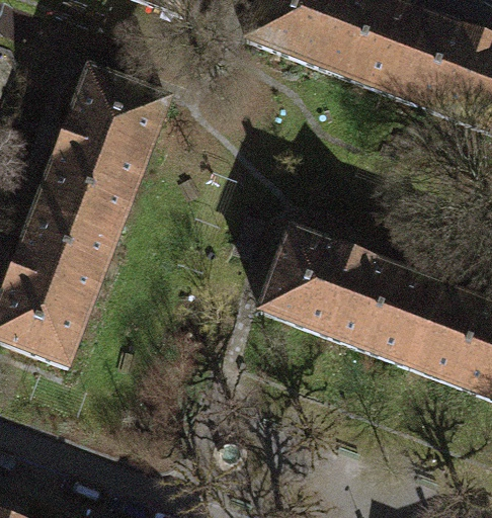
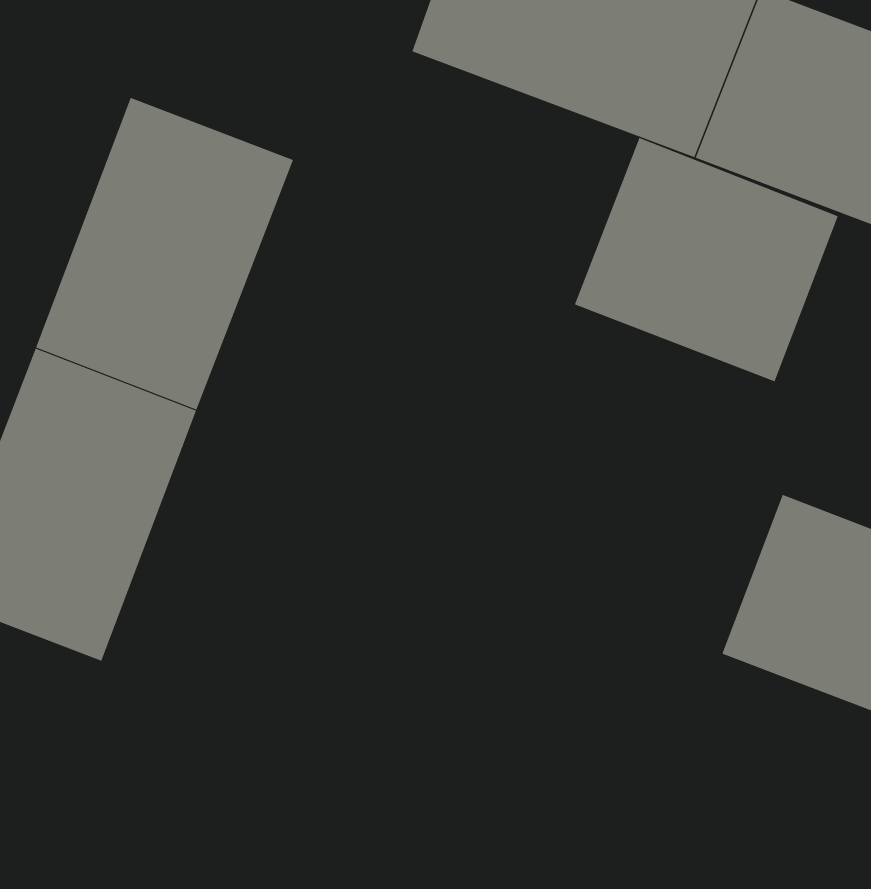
building: none -> [574,137,839,382]
building: [250,221,433,363] -> none

